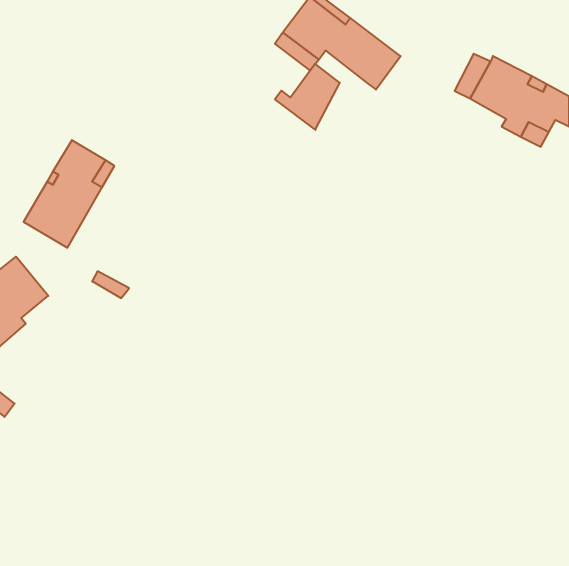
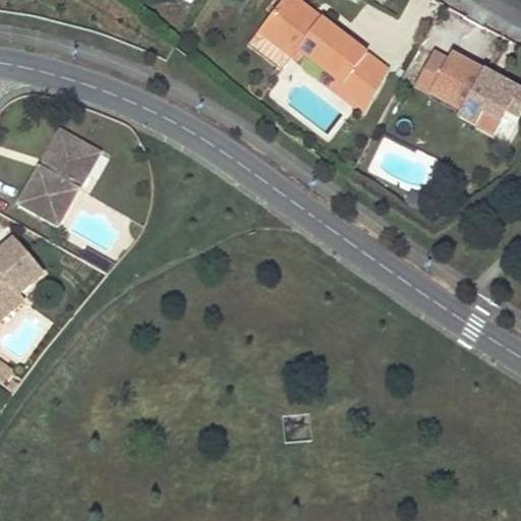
building: [275,64,340,130] -> [327,51,386,111]

